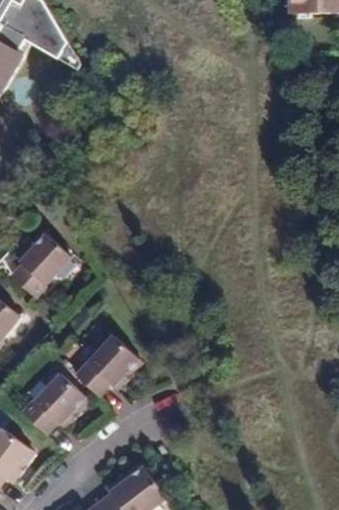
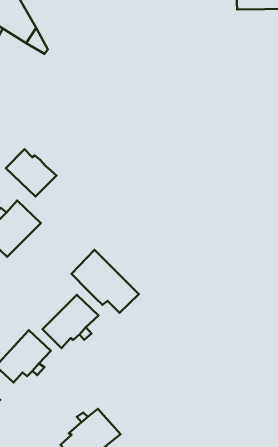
building: none -> [6,149,56,196]
building: none -> [71,250,139,313]

